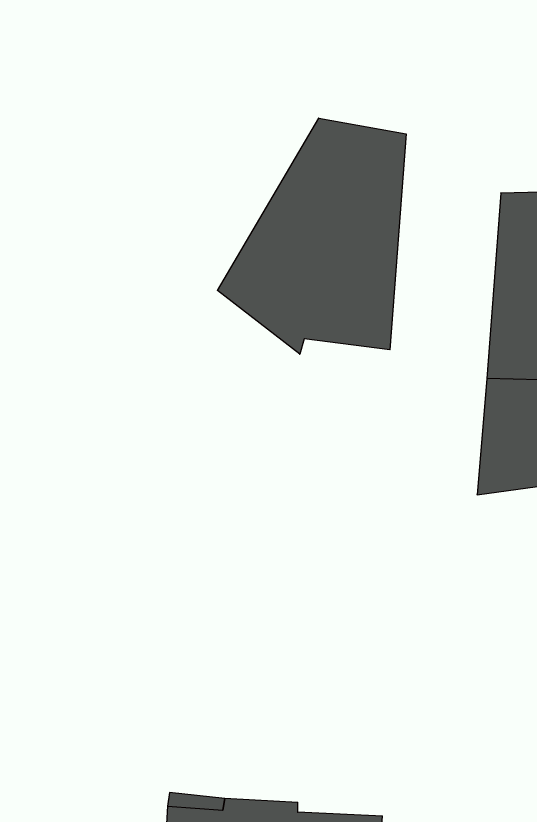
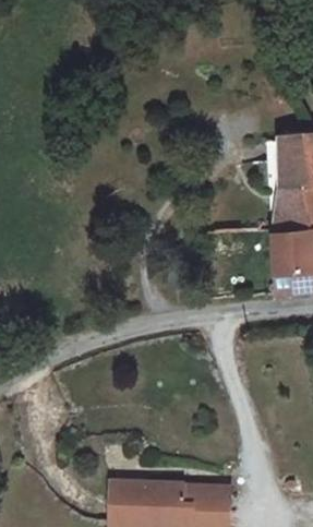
building: [217,118,406,354] -> none

